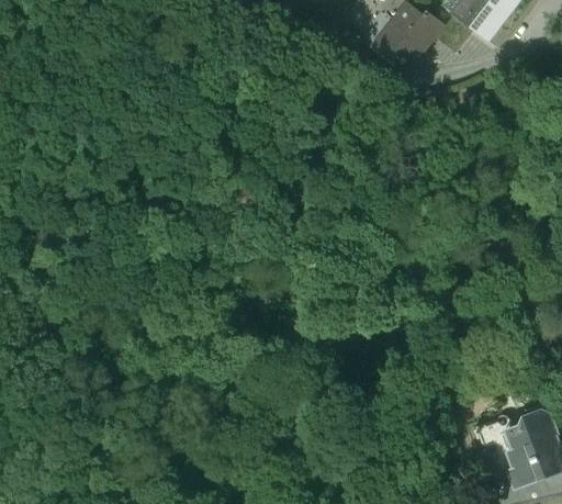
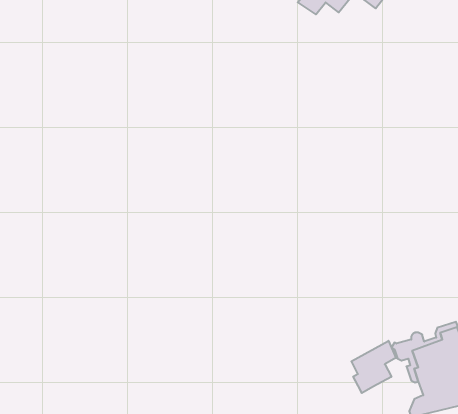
building: none -> [351,341,396,393]

